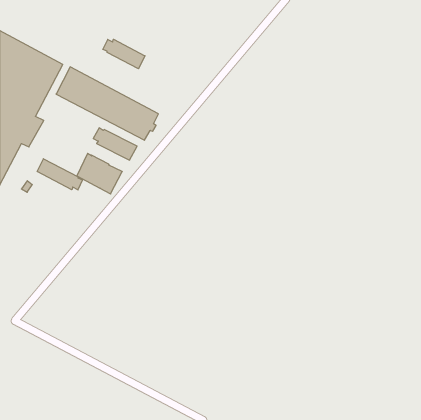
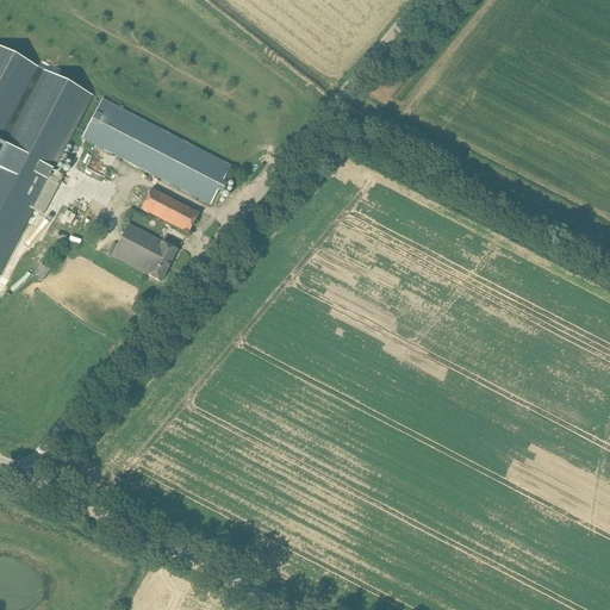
building: [103,39,145,69] -> none
building: [37,159,83,190] -> none

